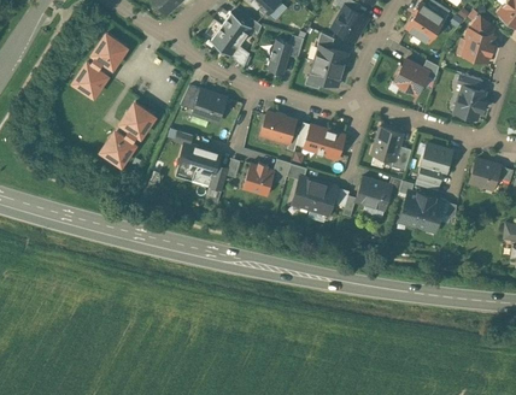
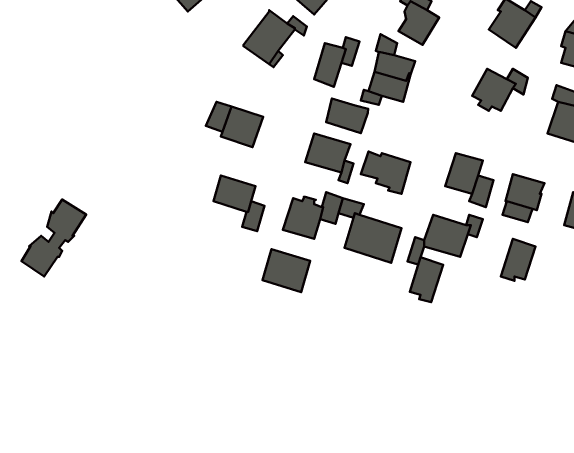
building: [74,34,127,96] -> none
building: none -> [326,99,368,133]
building: [102,104,154,165] -> [21,200,86,276]
building: [400,190,427,226] -> [410,257,443,302]
building: none -> [262,249,310,292]

